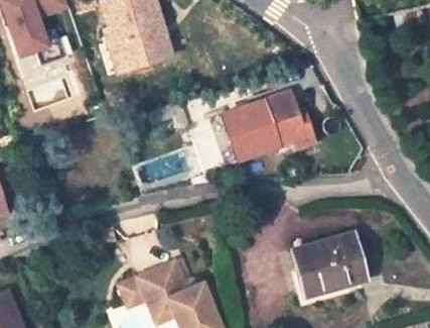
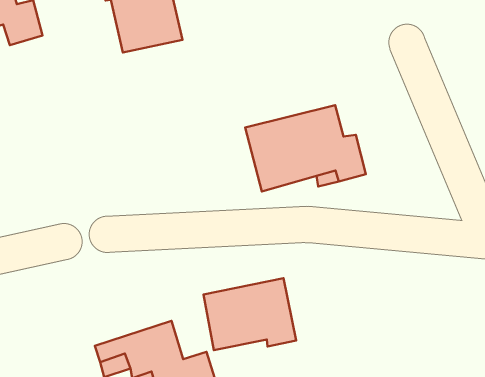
building: [294,231,367,290] -> [203,278,296,350]

